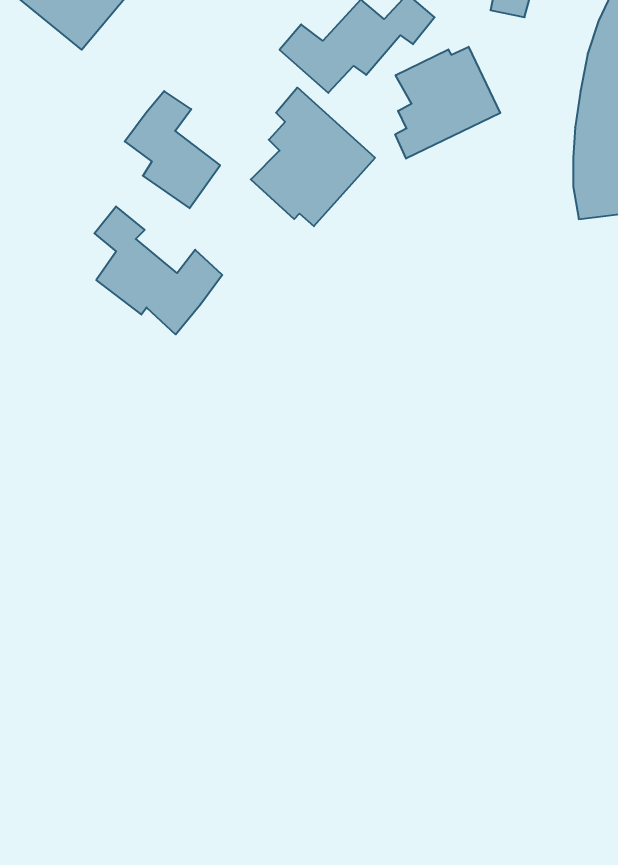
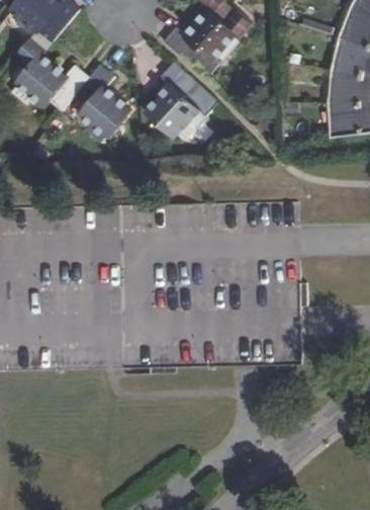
building: [395,47,500,159] -> none
building: [94,206,222,334] -> [16,38,88,110]

